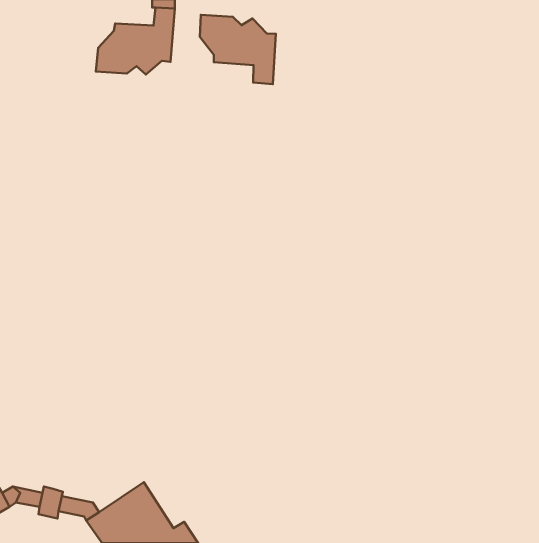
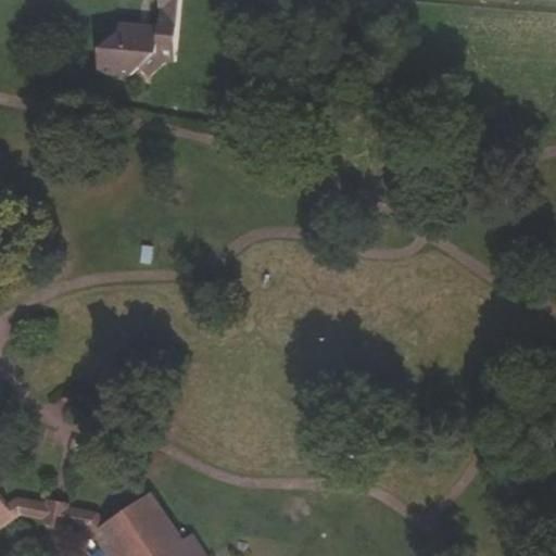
building: [200,15,276,84] -> none

